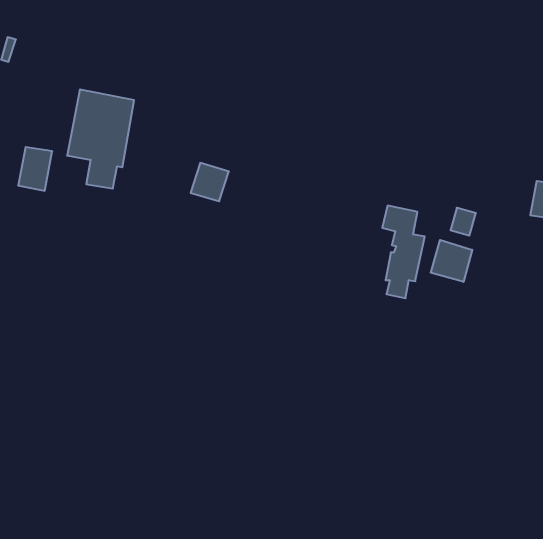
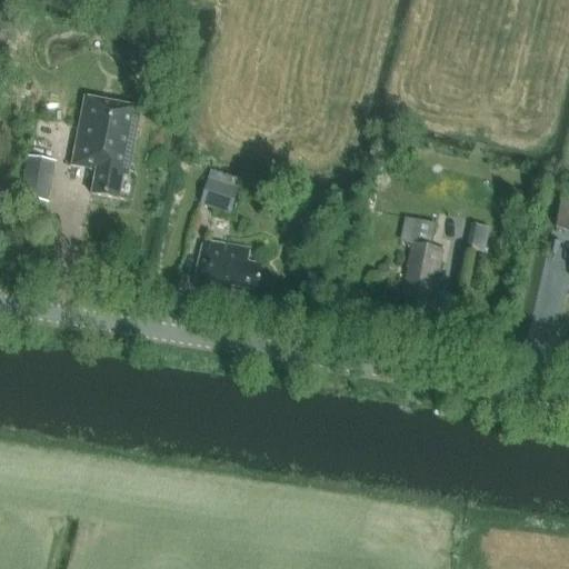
building: none -> [194,238,261,289]
building: [431,240,472,282] -> none

